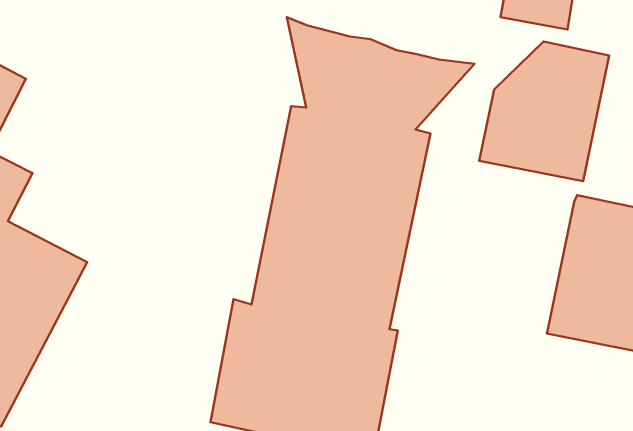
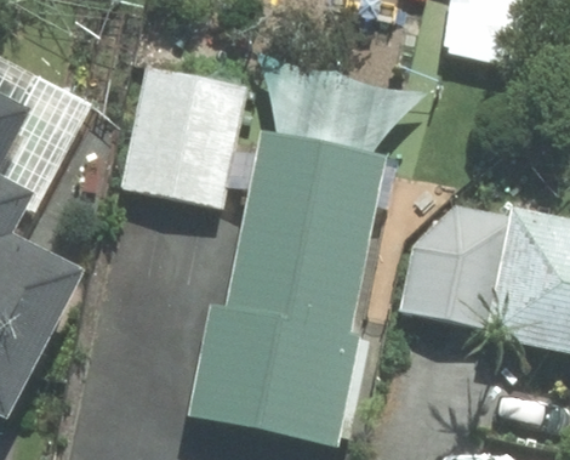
building: none -> [125,68,246,205]
building: [479,42,609,181] -> [399,204,514,328]

